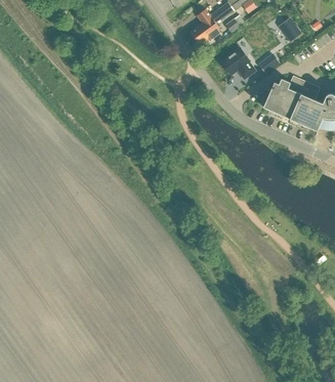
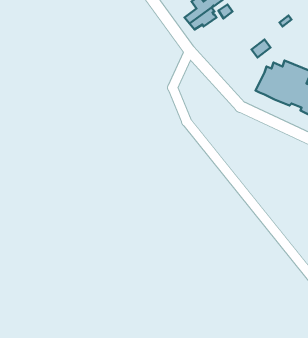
building: [222,48,255,79] -> none

